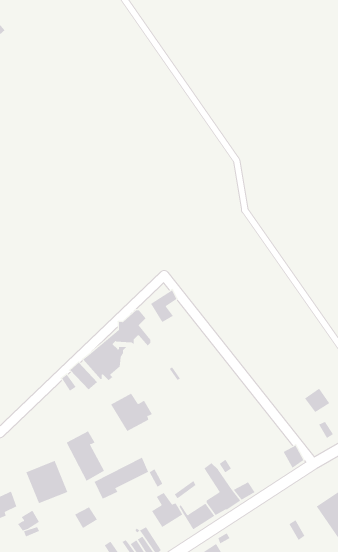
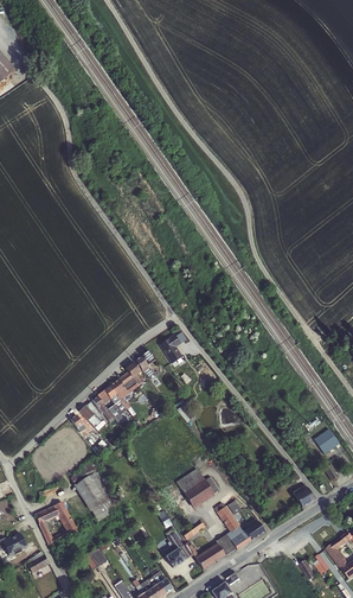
building: [110,393,153,432] -> [176,469,219,508]
building: [94,457,149,499] -> none

